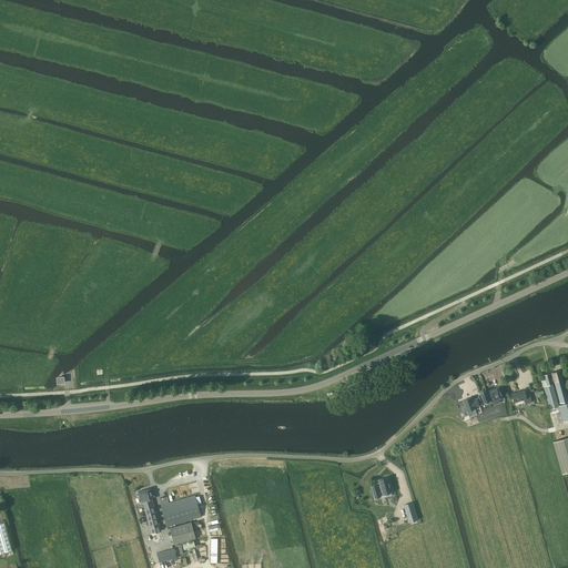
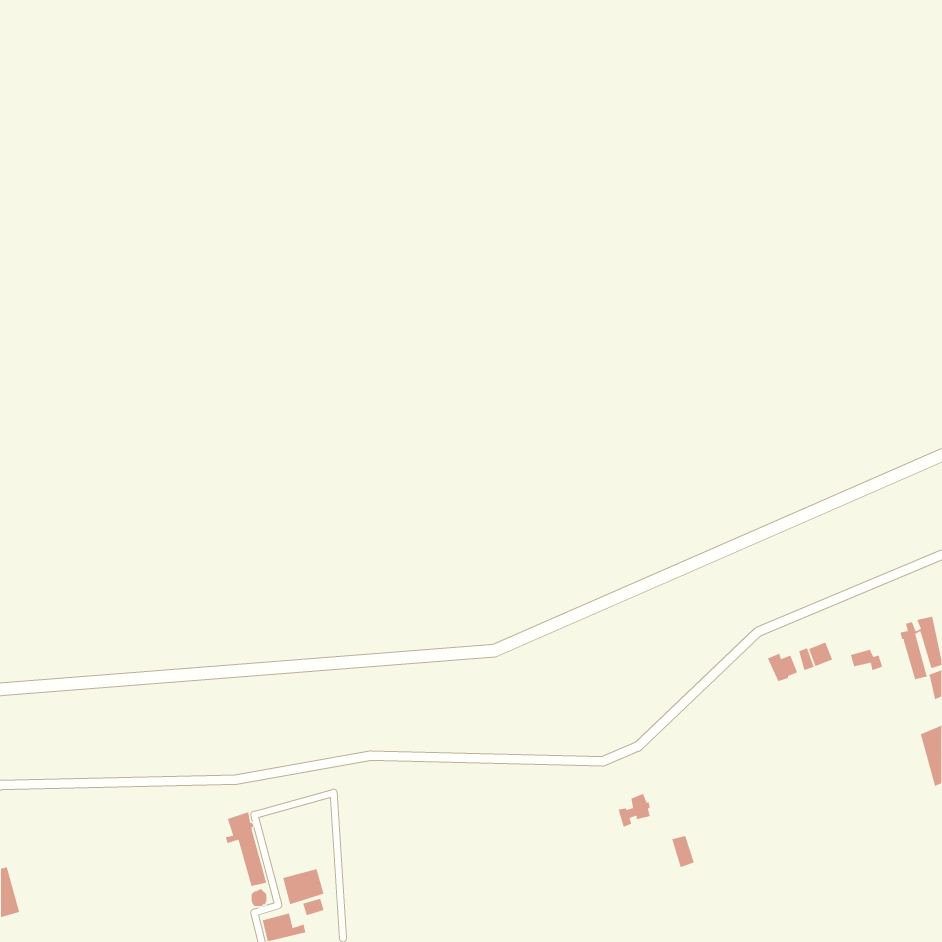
building: [160,496,201,527] -> none

